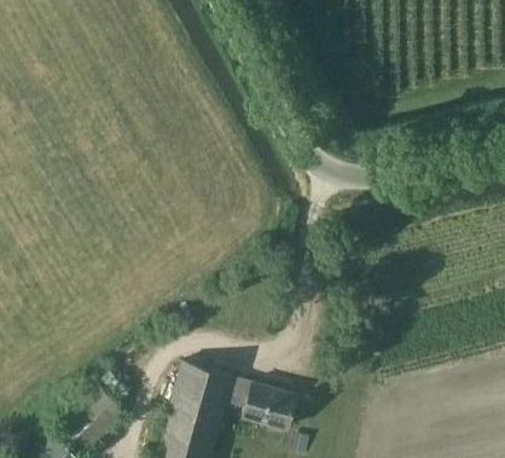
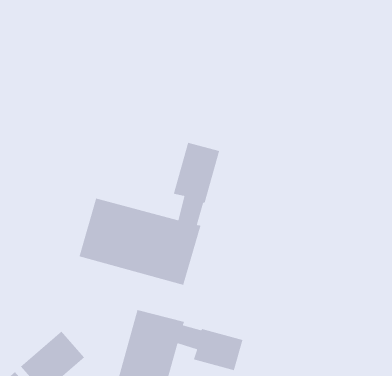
building: none -> [79,142,220,286]

